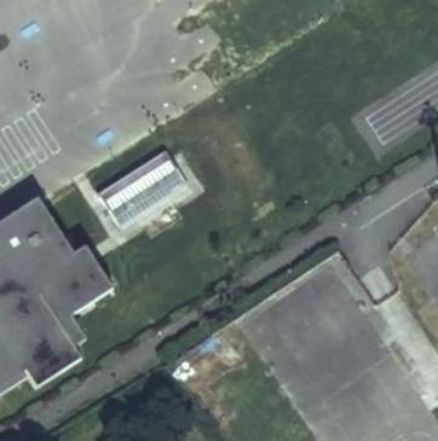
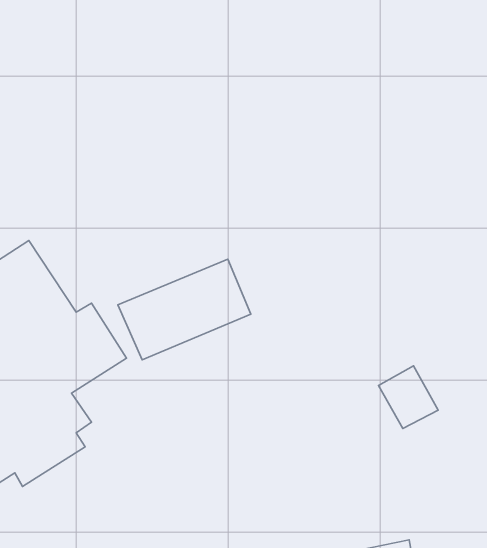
building: [91,150,196,230] -> [118,259,251,360]

